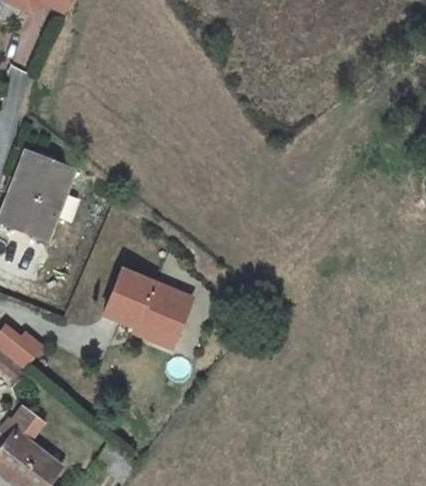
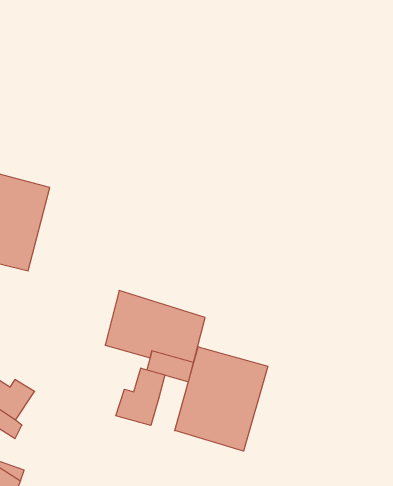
building: none -> [175,347,268,451]
building: none -> [116,368,165,425]

